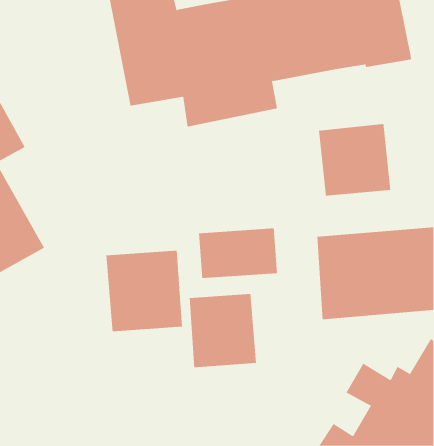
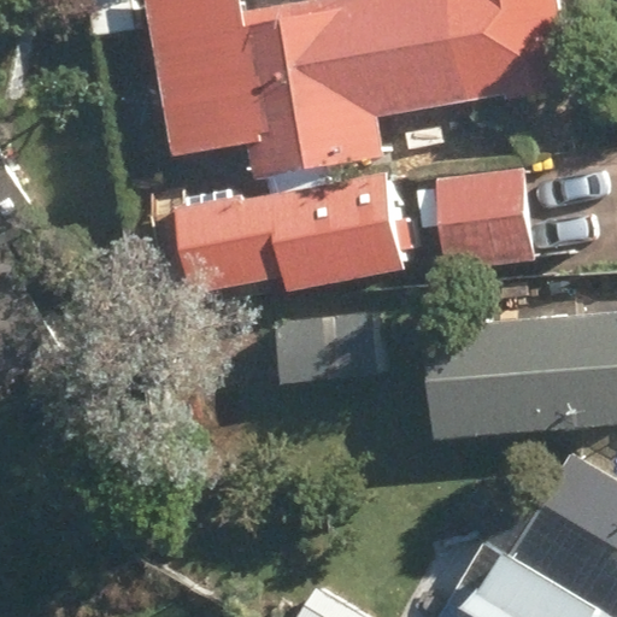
building: none -> [187,174,409,293]
building: [106,250,183,332] -> none
building: [189,293,257,368] -> none

